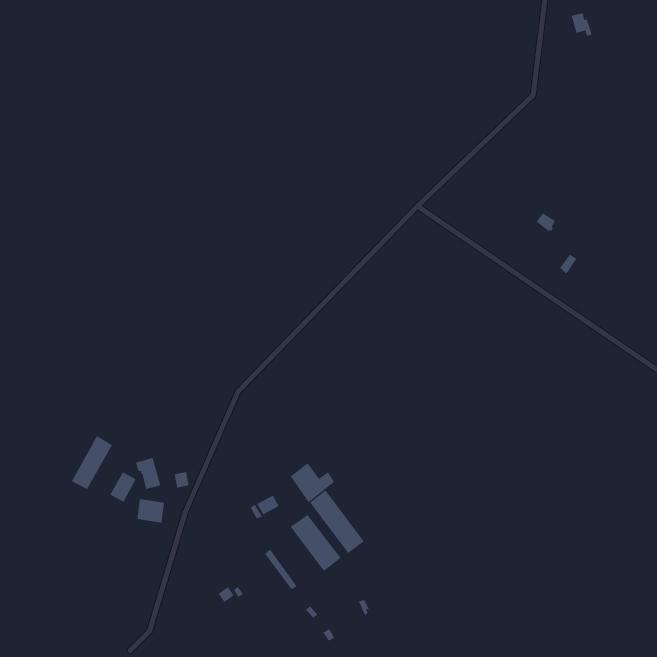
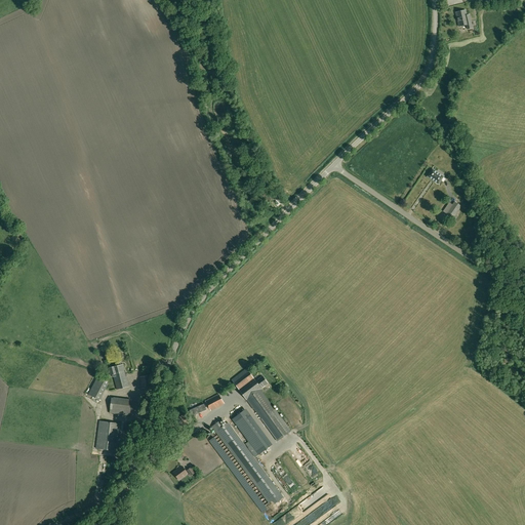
building: [71,435,113,490] -> none
building: none -> [95,422,119,452]
building: none -> [211,422,280,503]

